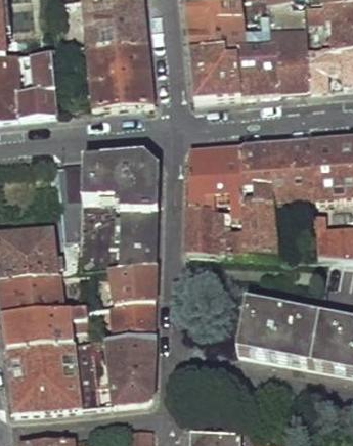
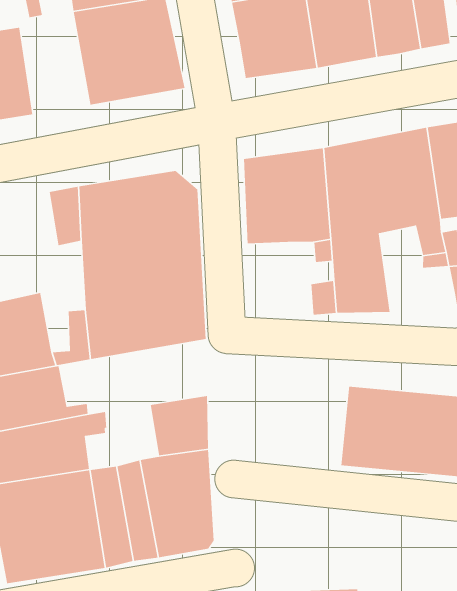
building: [185,204,220,252] -> none
building: [112,263,157,302] -> none

